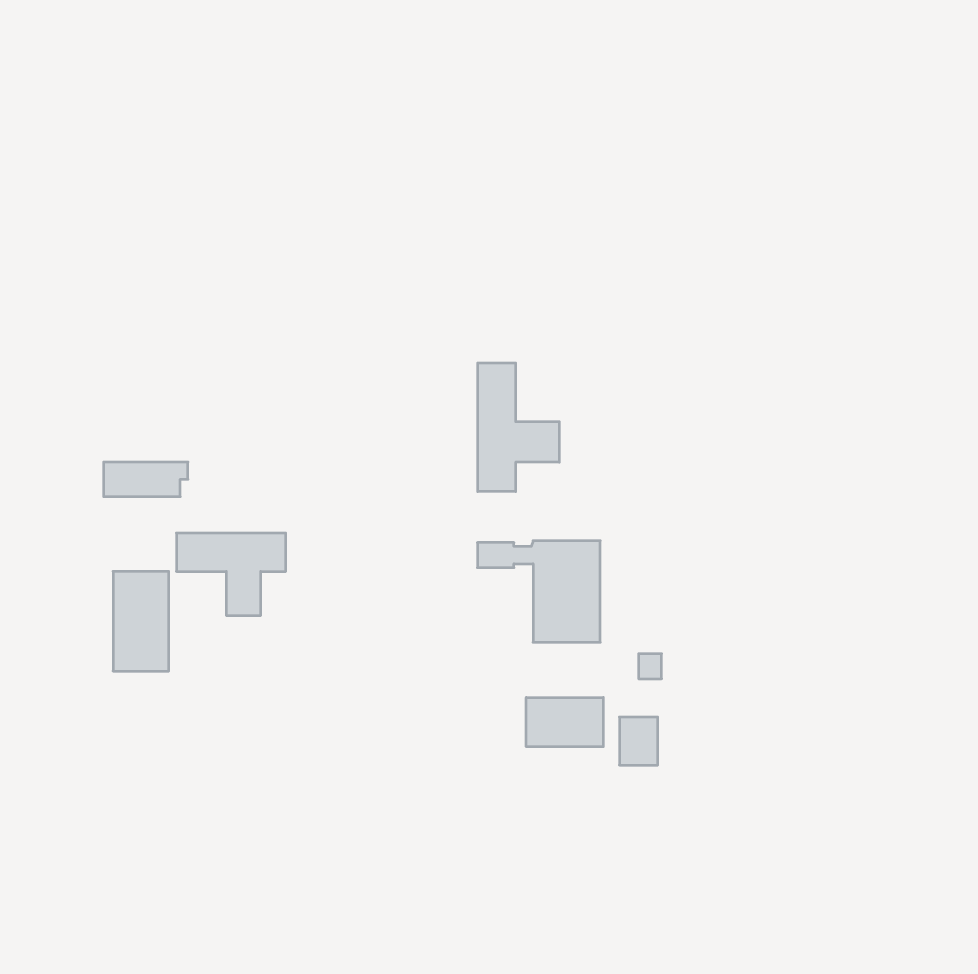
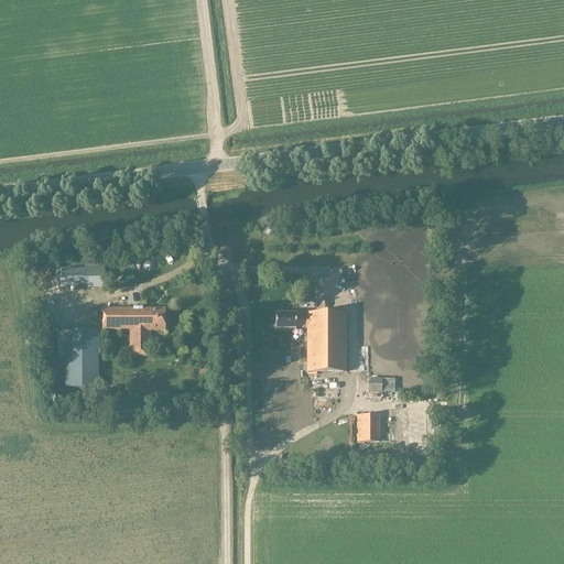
building: [478,363,559,492] -> none
building: [526,697,603,747] -> none

